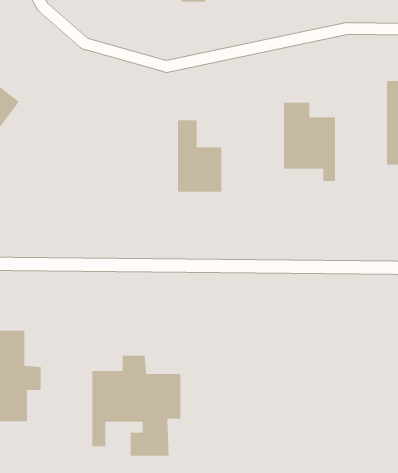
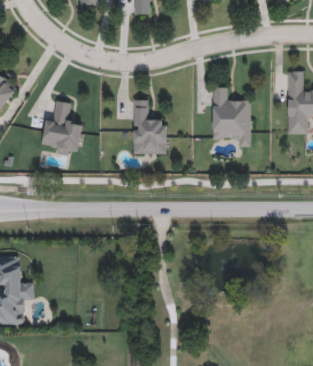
building: none -> [41,101,82,156]
building: [92,355,181,456] -> none

